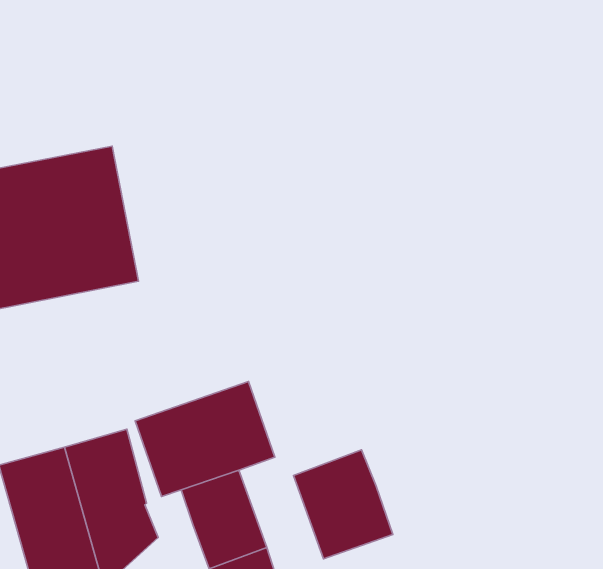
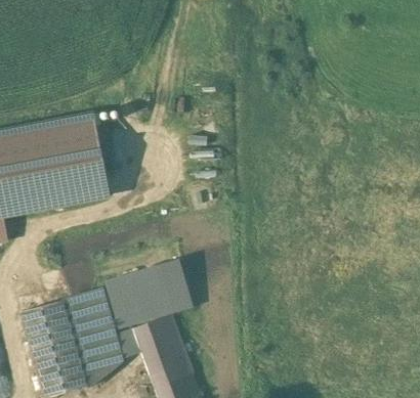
building: [293,450,393,559] -> none
building: none -> [113,327,142,357]

